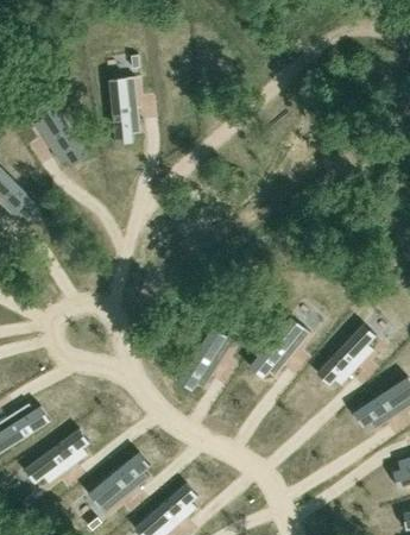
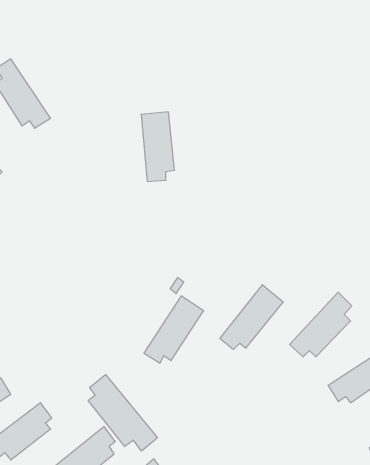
building: [108,77,140,144] -> [141,112,175,181]
building: none -> [88,375,157,451]

